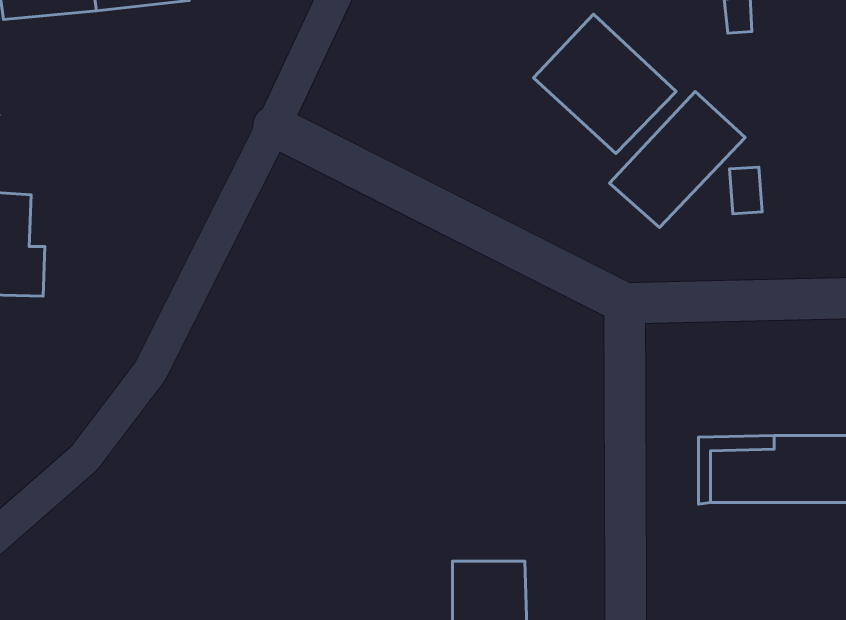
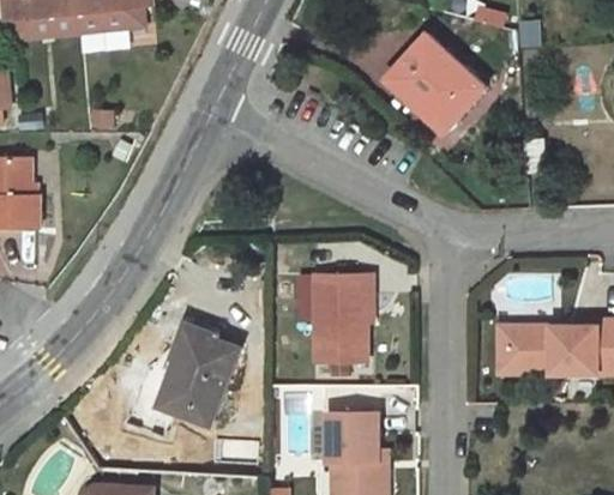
building: [609,92,745,228] -> none
building: none -> [314,276,372,363]
building: none -> [158,326,236,422]

